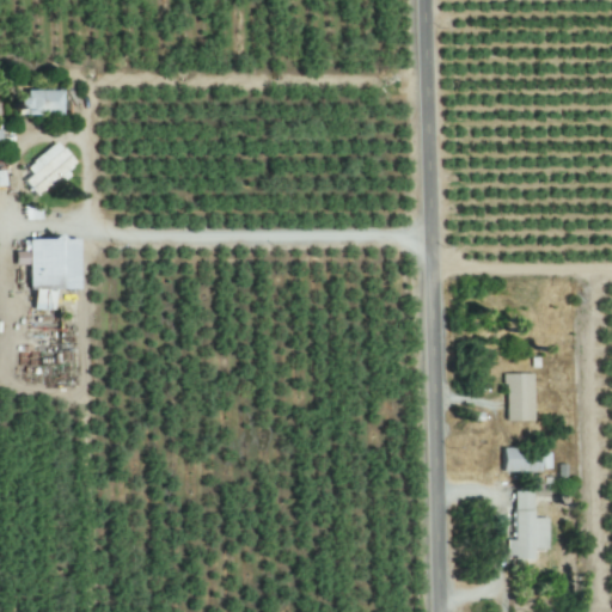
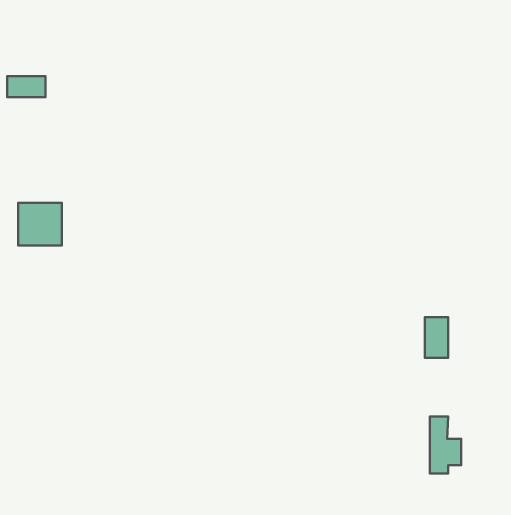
building: [23,142,78,197] -> none
building: [504,448,544,471] -> none

